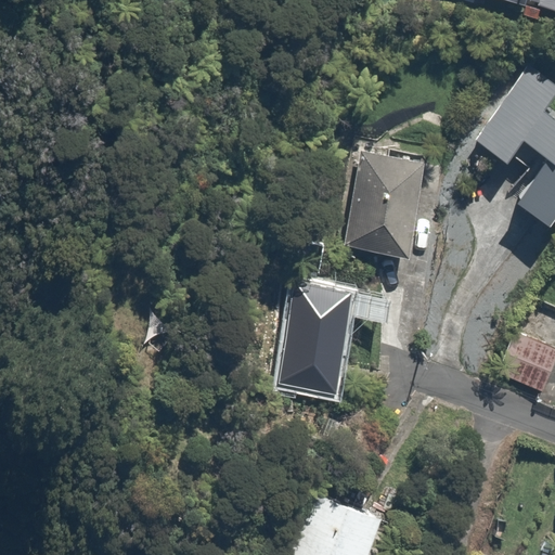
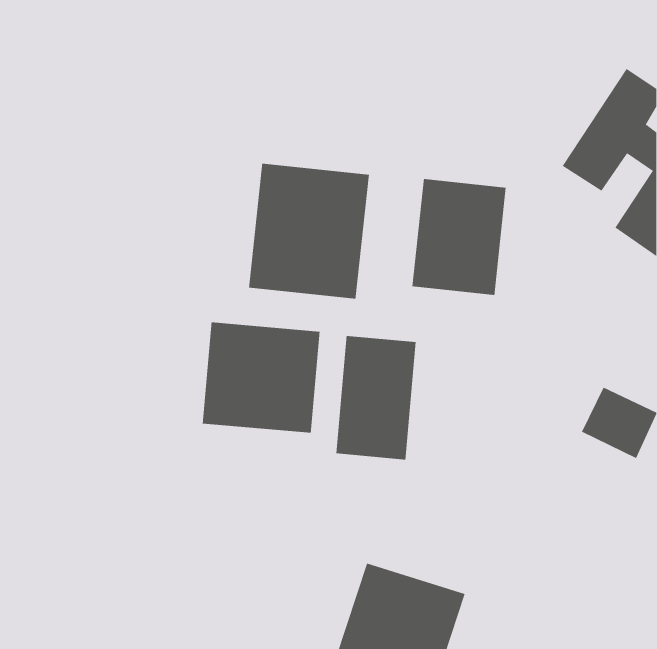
building: none -> [248,163,369,300]
building: none -> [202,322,320,434]

